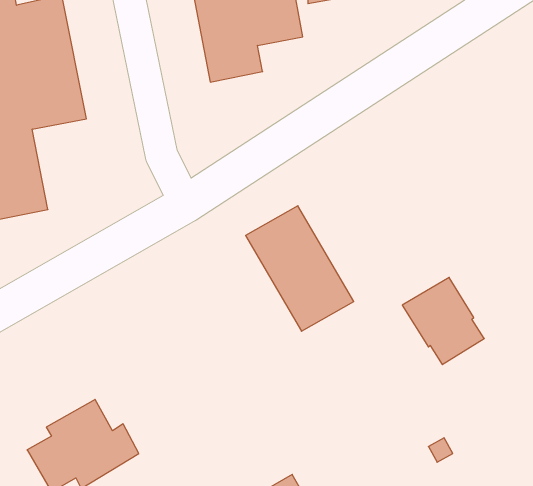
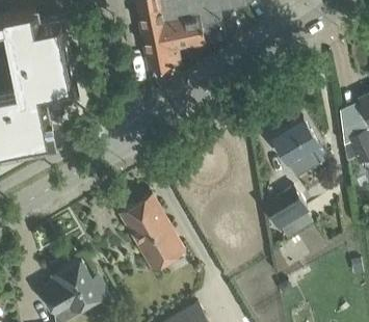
building: none -> [271,120,325,177]
building: [246,206,354,331] -> [120,196,184,271]

